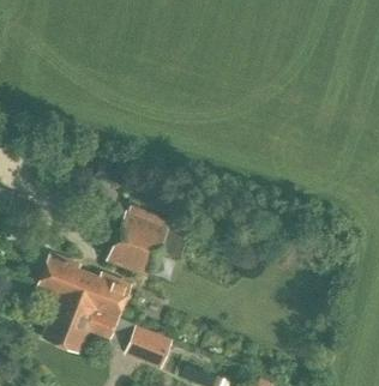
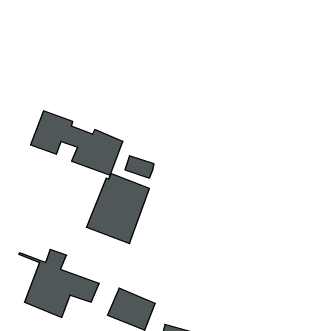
building: [37,253,132,319] -> [31,111,123,175]

